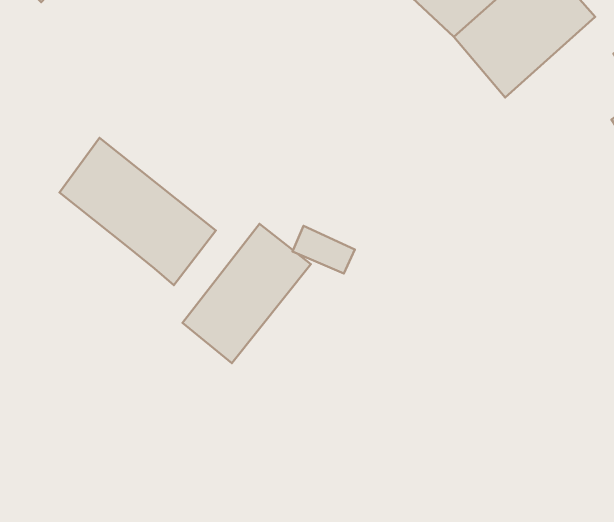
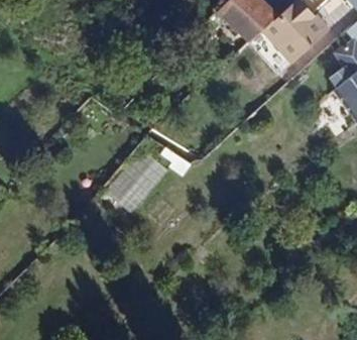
building: [59,138,216,285] -> none

